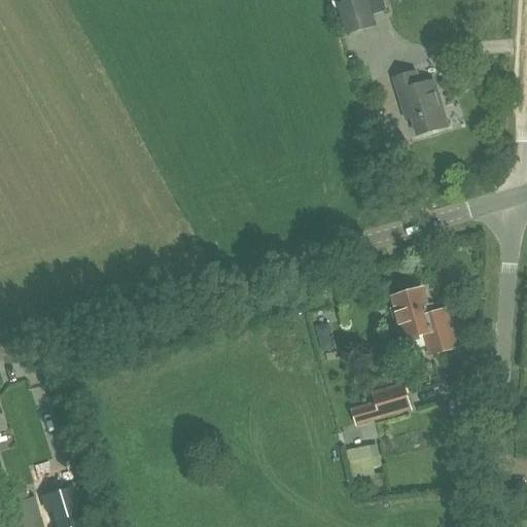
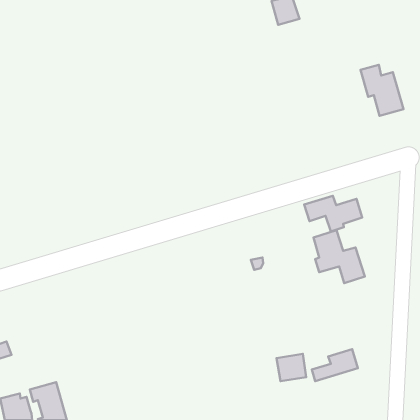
building: [392,70,446,134] -> [361,65,404,116]
building: none -> [304,196,362,231]
building: [351,383,409,423] -> [312,349,358,381]

